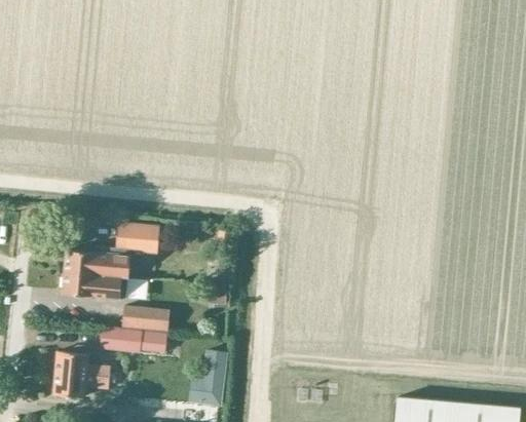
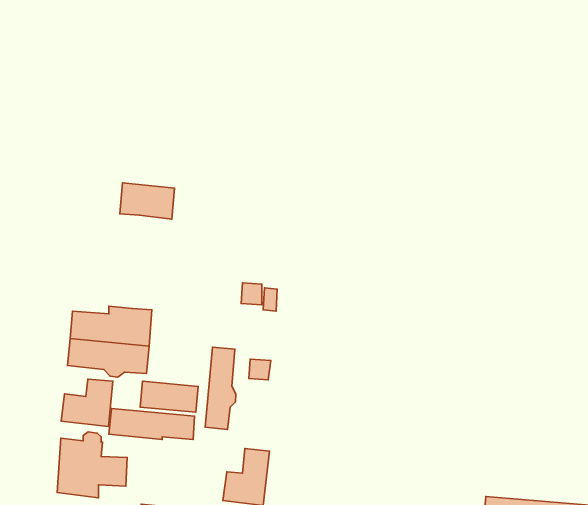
building: [116,223,159,252] -> [120,183,174,219]
building: none -> [205,347,236,429]
building: none -> [61,379,113,426]

